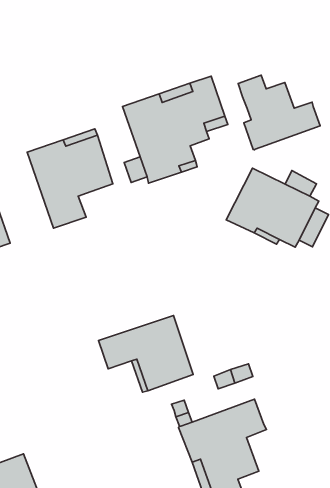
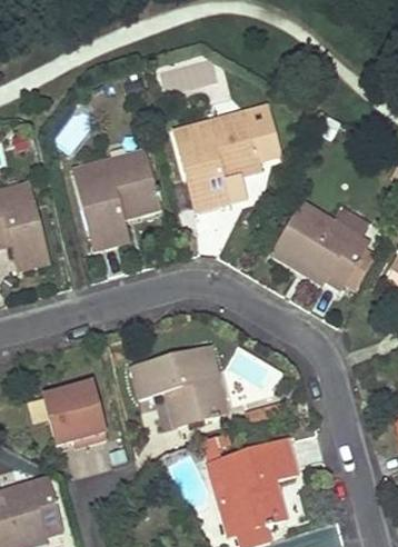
building: [238,75,320,150] -> none
building: none -> [43,384,106,442]

